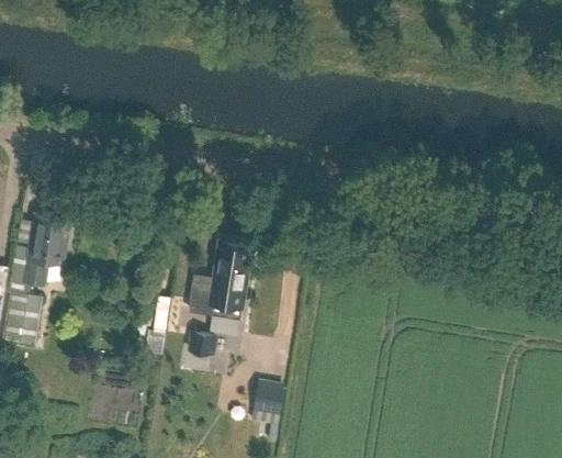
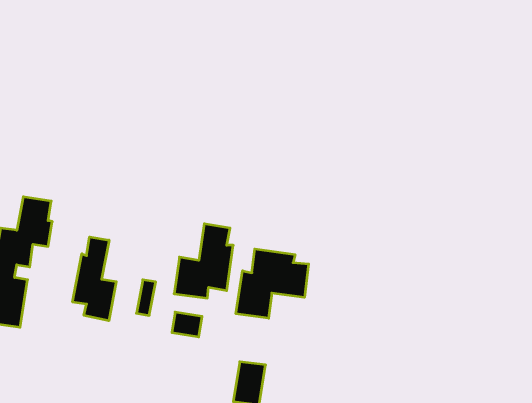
building: none -> [73,237,116,321]
building: none -> [236,249,309,318]

